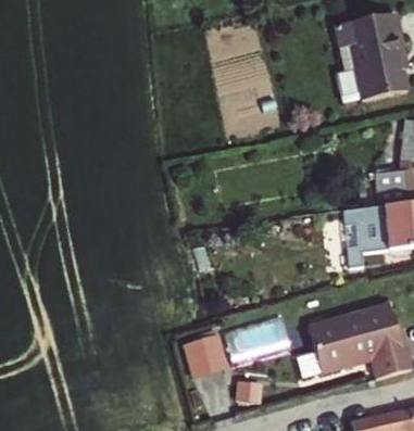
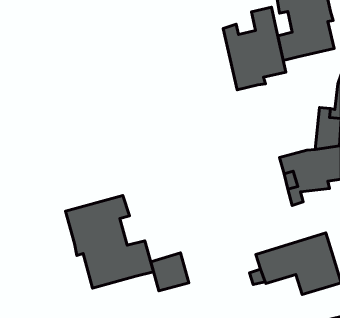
building: none -> [223,7,286,90]
building: none -> [65,196,153,288]

